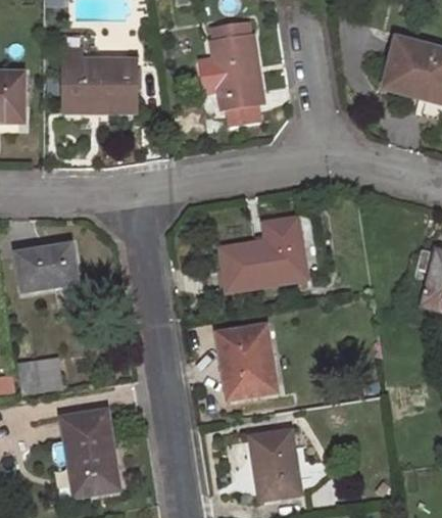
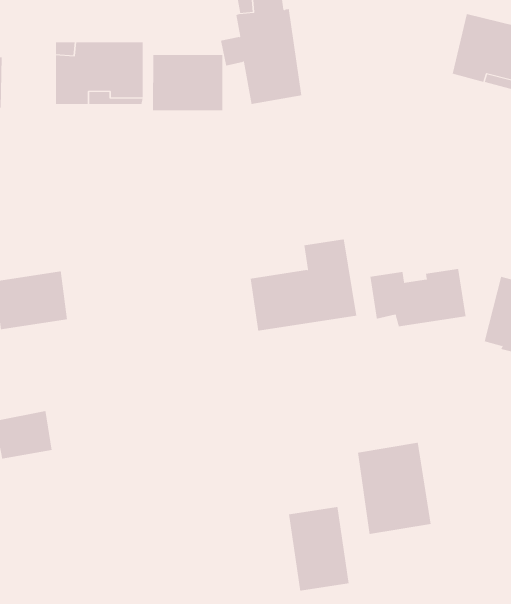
building: none -> [153,54,223,111]
building: none -> [370,268,466,327]
building: [218,325,278,398] -> [357,442,431,534]
building: [62,410,120,497] -> none

